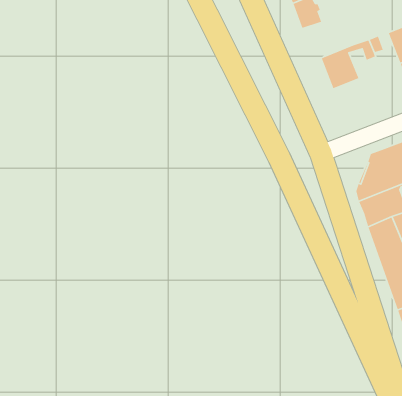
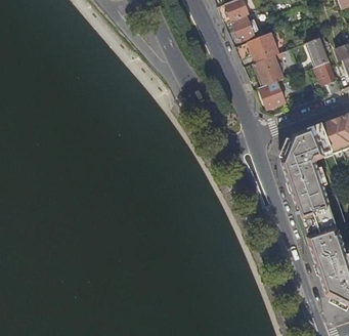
building: none -> [247,33,277,61]
building: none -> [259,78,285,109]

